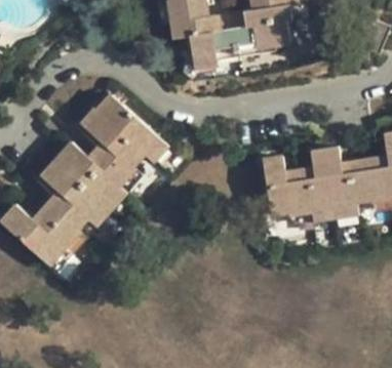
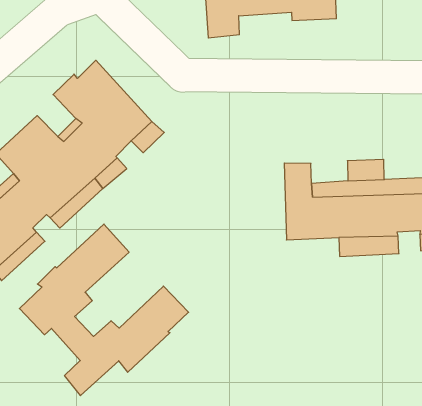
building: none -> [19,224,189,396]

